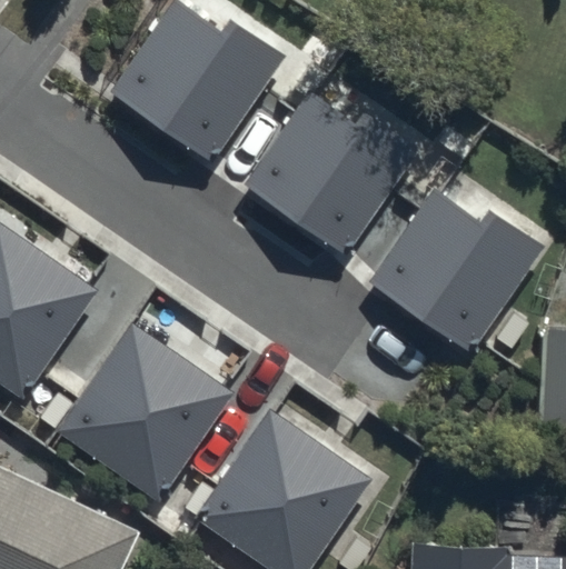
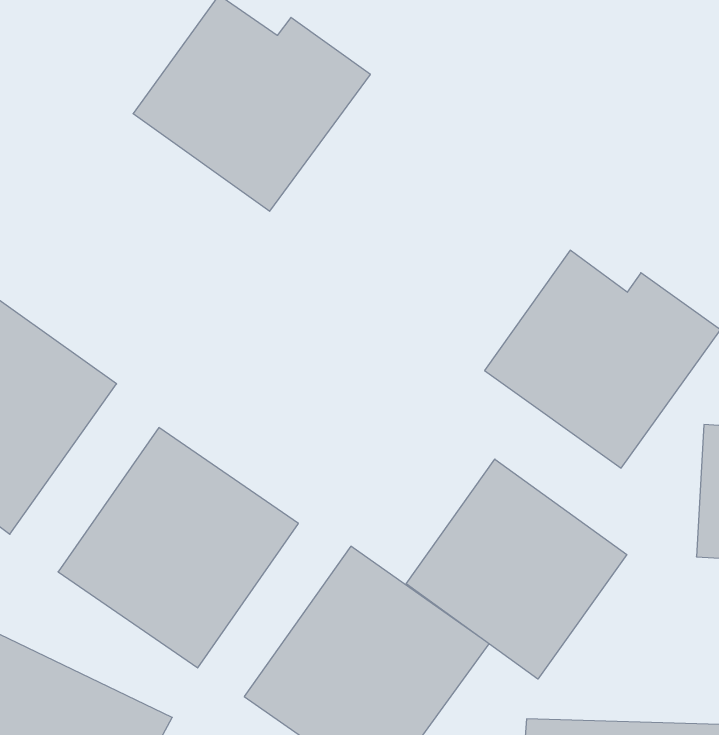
building: [241,92,417,253] -> none
building: none -> [406,459,627,679]

